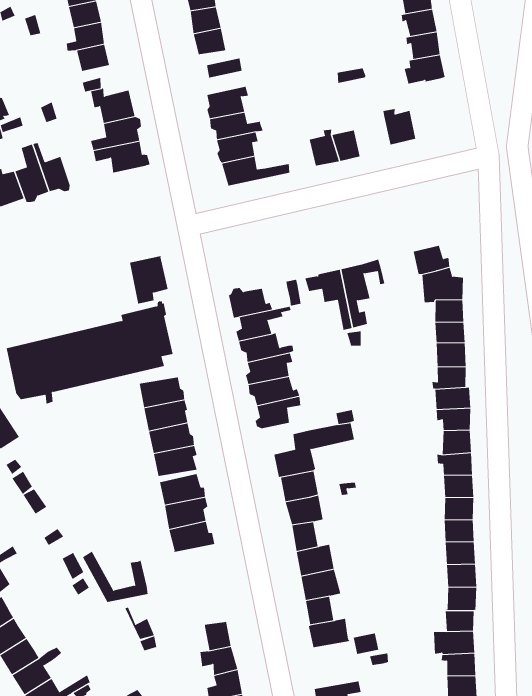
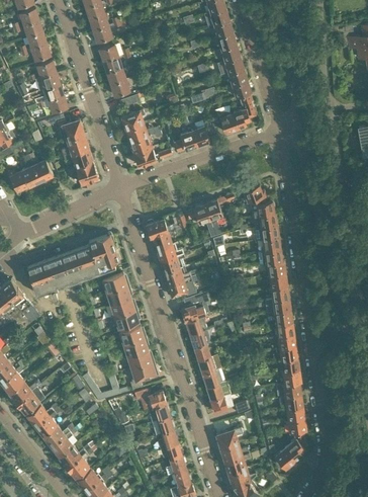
building: none -> [234,94,255,129]
building: [129,255,169,304] -> [75,160,98,188]
building: none -> [128,362,158,389]
building: none -> [134,388,166,411]

